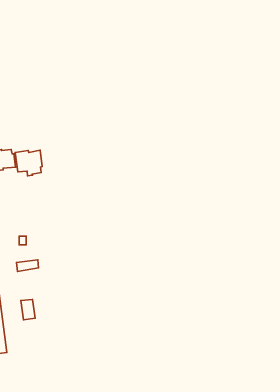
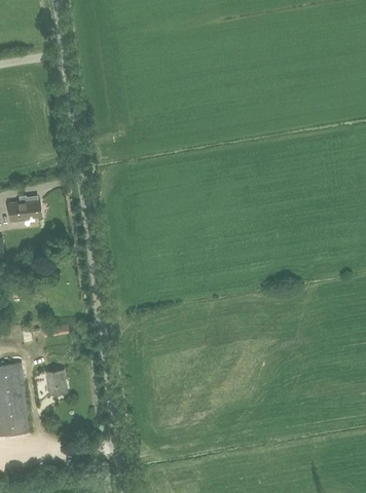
building: [15,150,42,176] -> none

